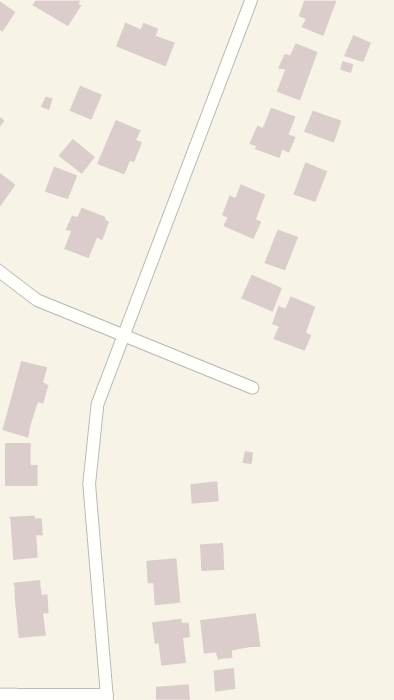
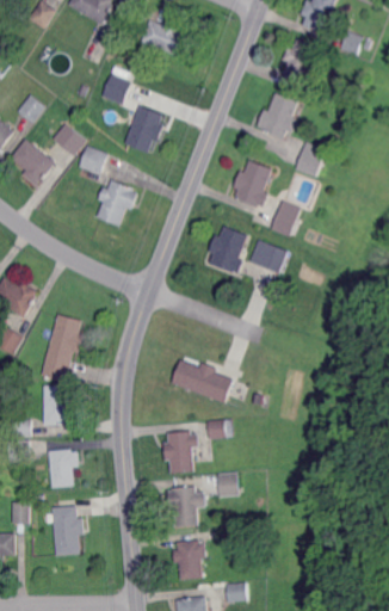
building: [303,110,342,144] -> none
building: [57,138,96,175] -> [51,124,85,156]
building: [271,295,316,352] -> [208,226,247,274]
building: none -> [172,359,234,402]
building: none -> [163,431,198,473]
building: [200,612,261,660] -> none

